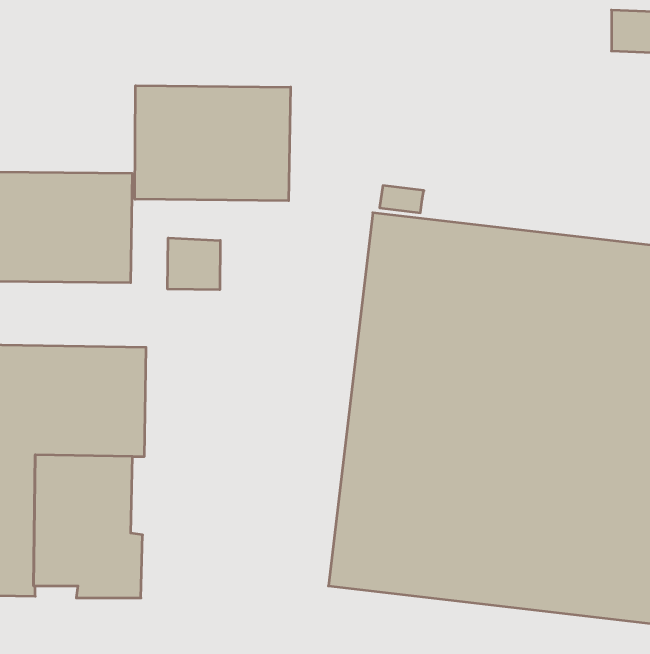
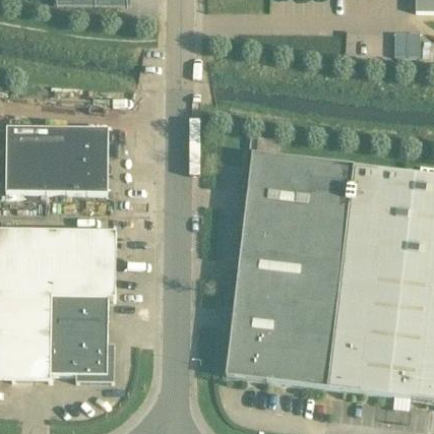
building: [135,86,291,201] -> none
building: [168,238,220,290] -> none

